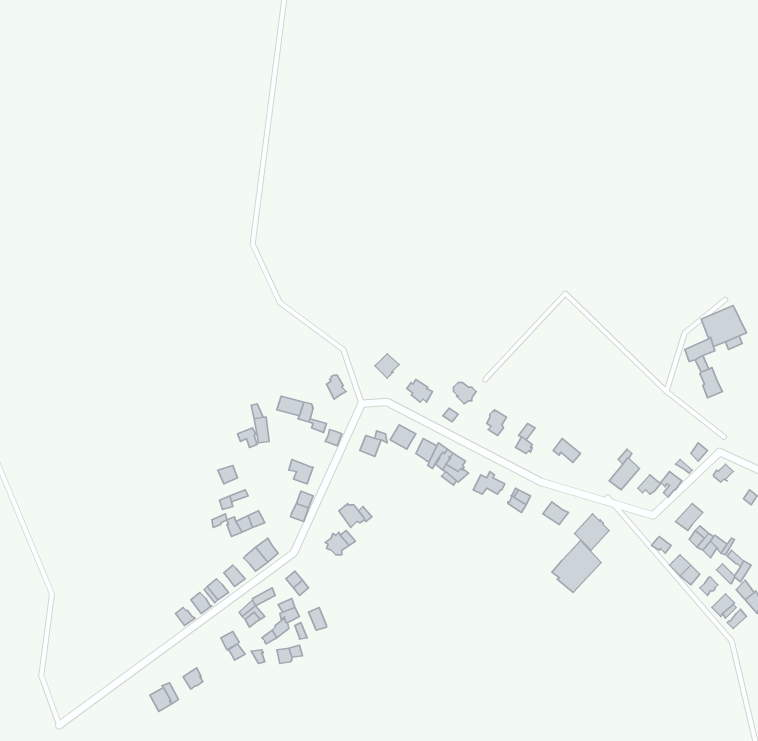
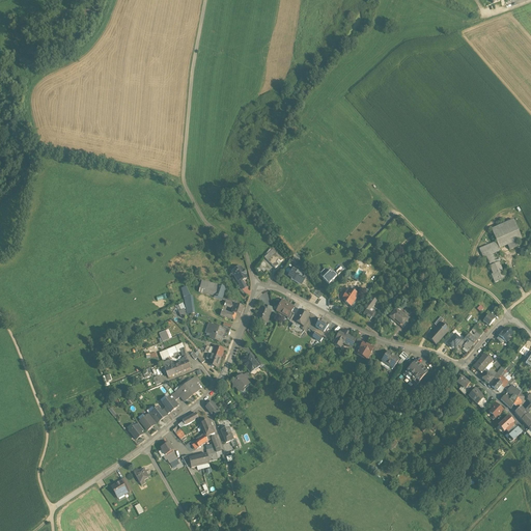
building: [552,541,601,593] -> none

